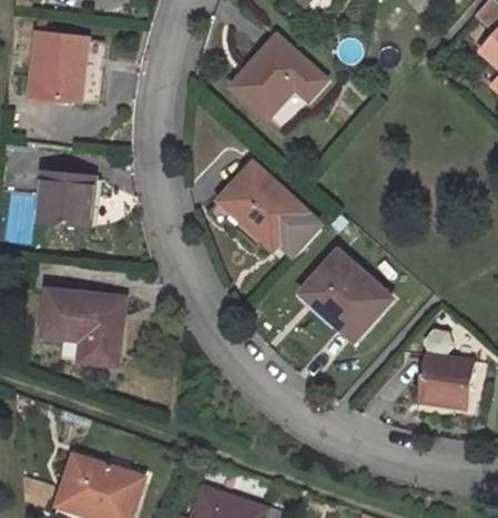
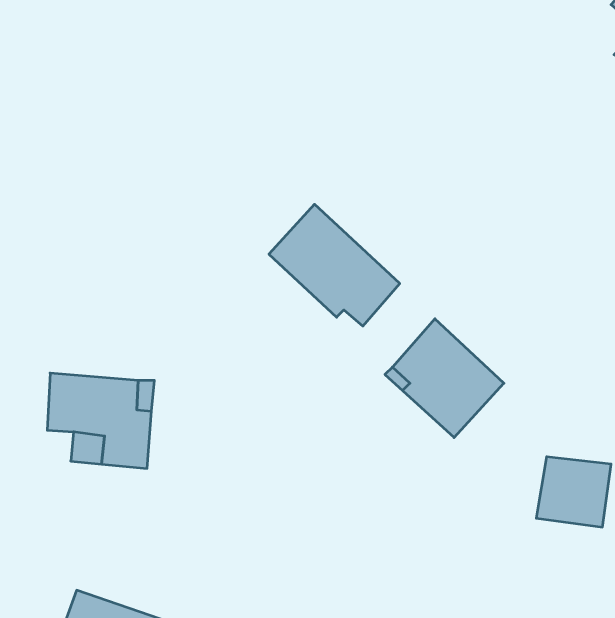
building: [30,33,87,101] -> none
building: [237,38,329,116] -> none
building: [39,173,94,227] -> none

